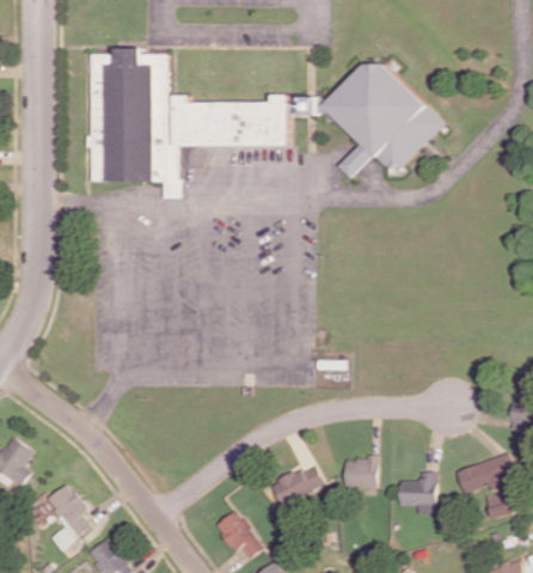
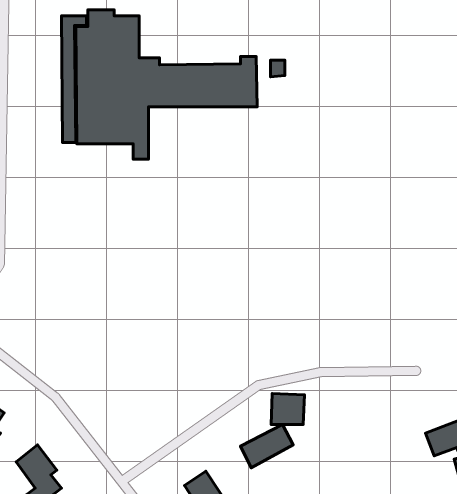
building: [321,55,440,177] -> none
building: [344,457,378,488] -> [271,394,305,425]
building: [399,471,437,507] -> none

